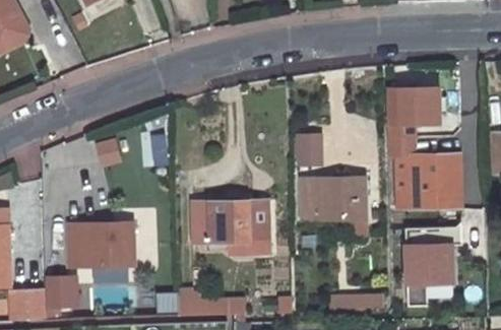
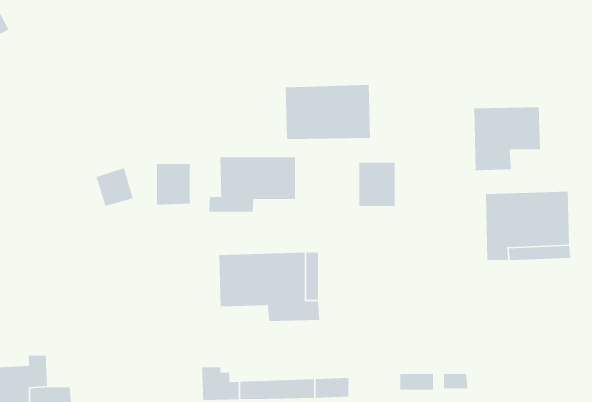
building: none -> [208,157,296,212]
building: [301,177,367,219] -> [285,84,371,140]
building: [408,218,464,306] -> none
building: [67,222,132,264] -> none

